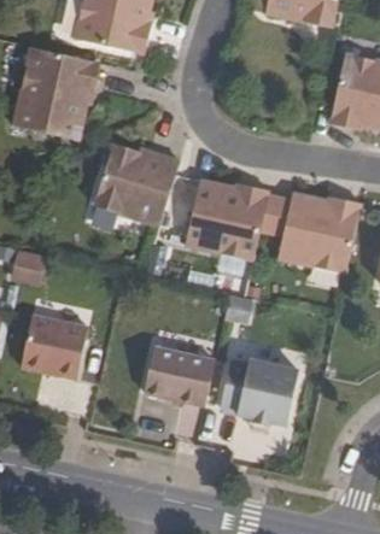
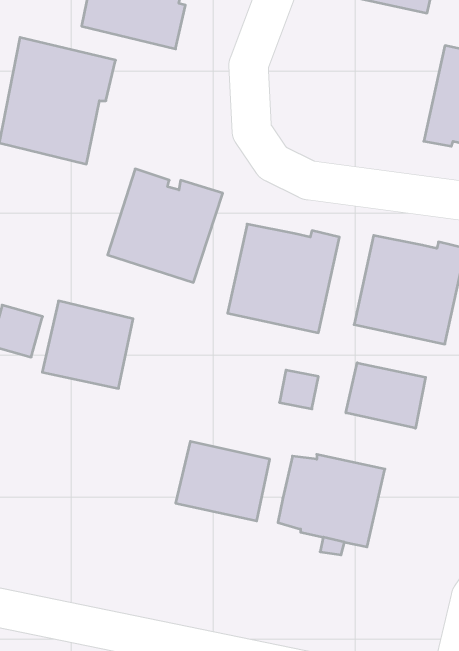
building: none -> [346,363,426,428]
building: [21,313,88,379] -> [42,301,133,388]

